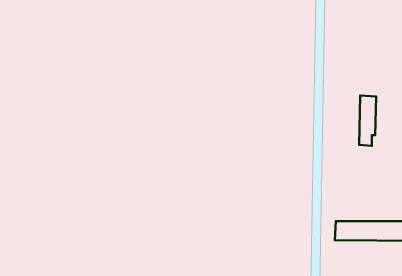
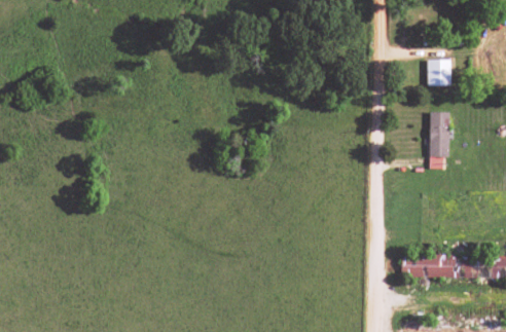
building: none -> [428,60,451,86]

